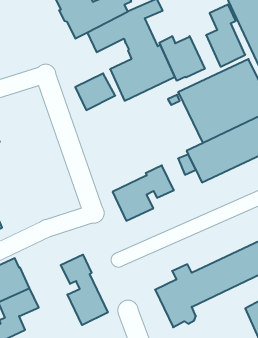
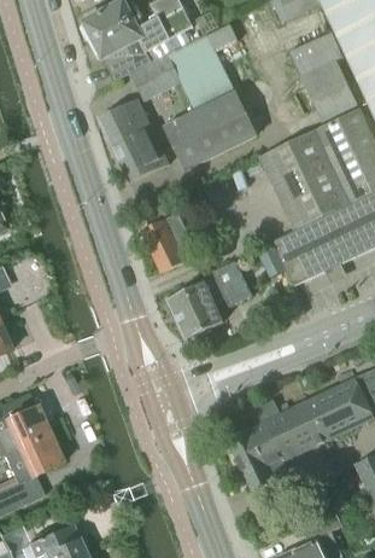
building: [159,36,205,81] -> none
building: none -> [100,97,154,150]
building: none -> [142,213,199,272]
building: [61,255,108,325] -> none

